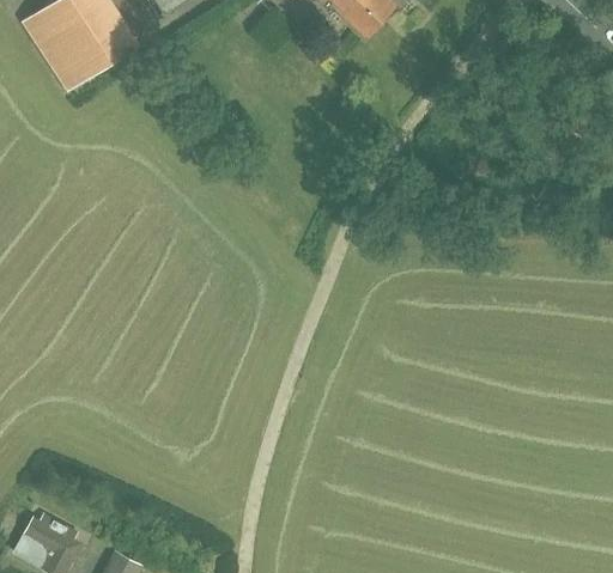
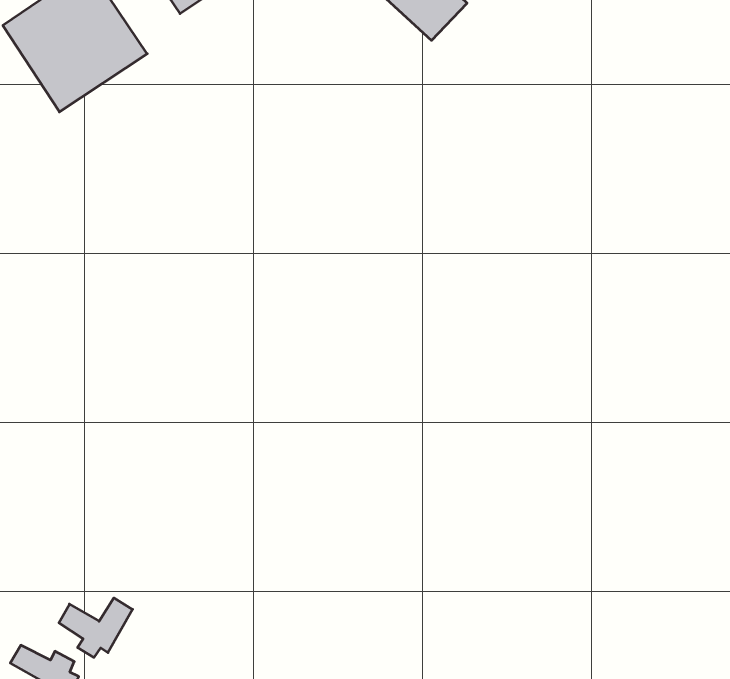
building: none -> [59,598,133,657]

